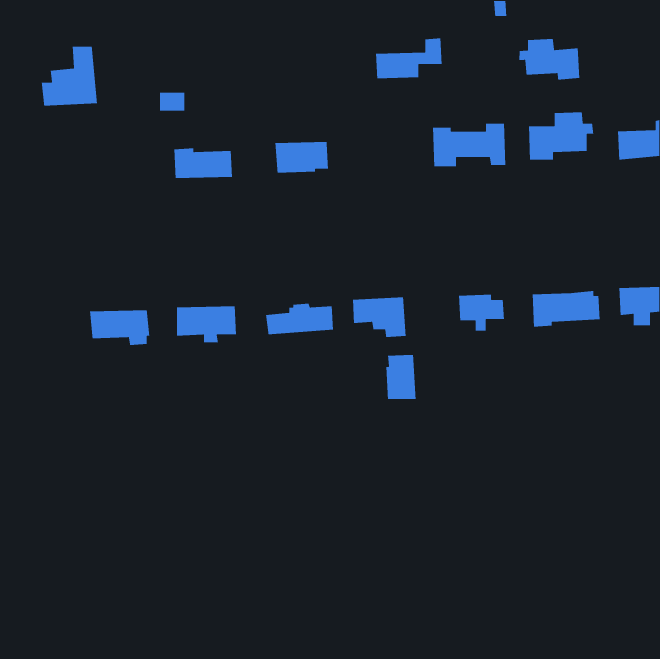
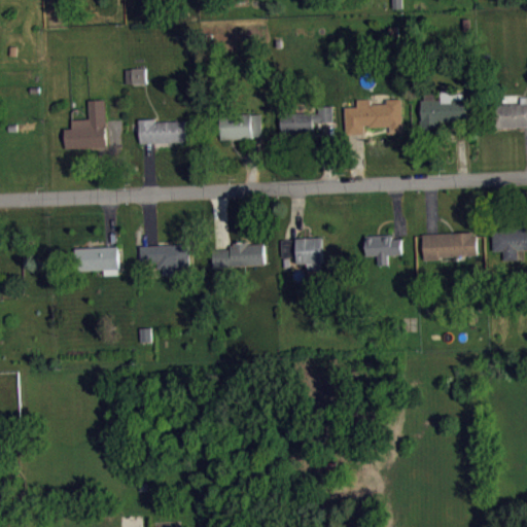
building: [375,38,443,79] -> [279,102,332,135]
building: [518,38,580,81] -> none
building: [41,46,98,107] -> [63,101,108,149]
building: [386,354,417,400] -> none

